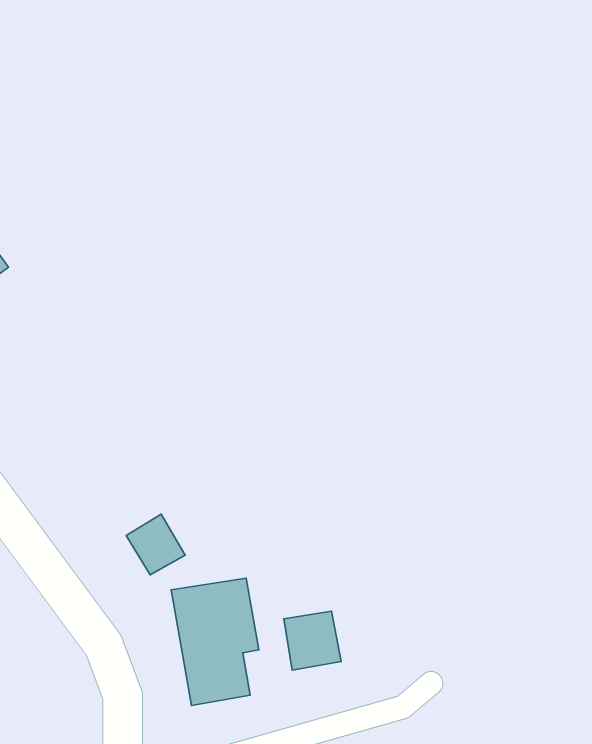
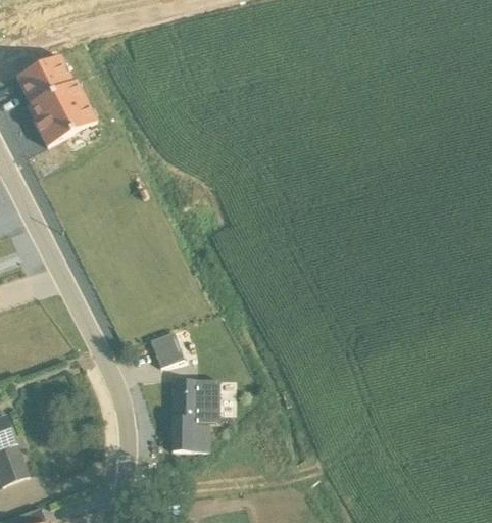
building: [284,611,341,670] -> none

